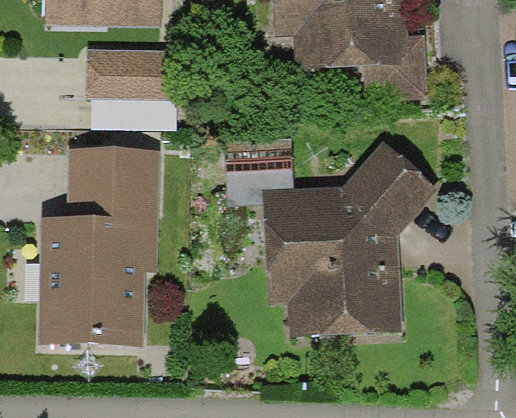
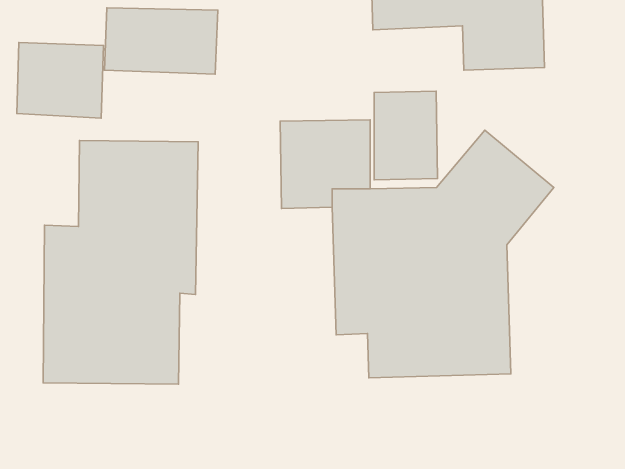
building: none -> [17,42,104,118]
building: none -> [374,91,437,180]

